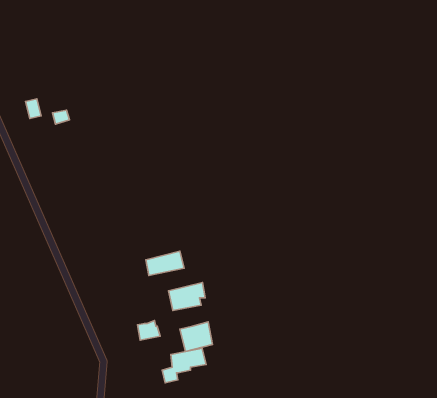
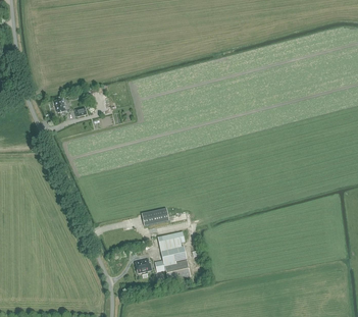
building: [162,348,206,383] -> [155,247,187,272]

